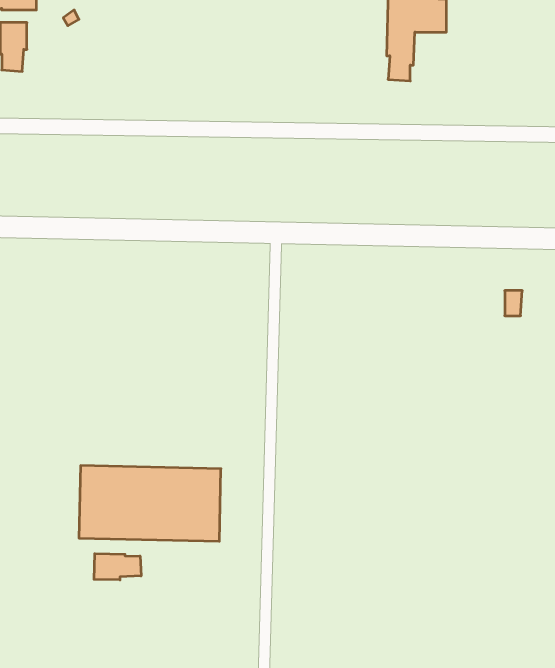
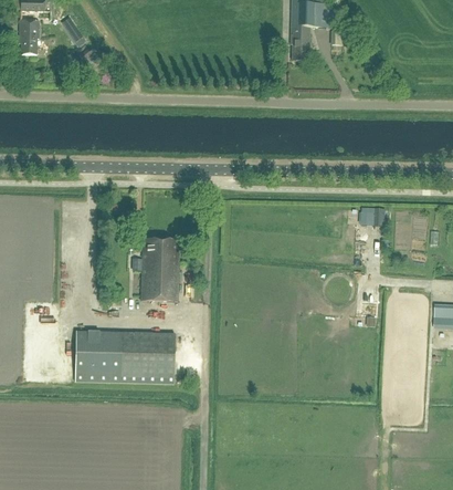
building: none -> [139,237,178,300]
building: [94,554,141,580] -> none

